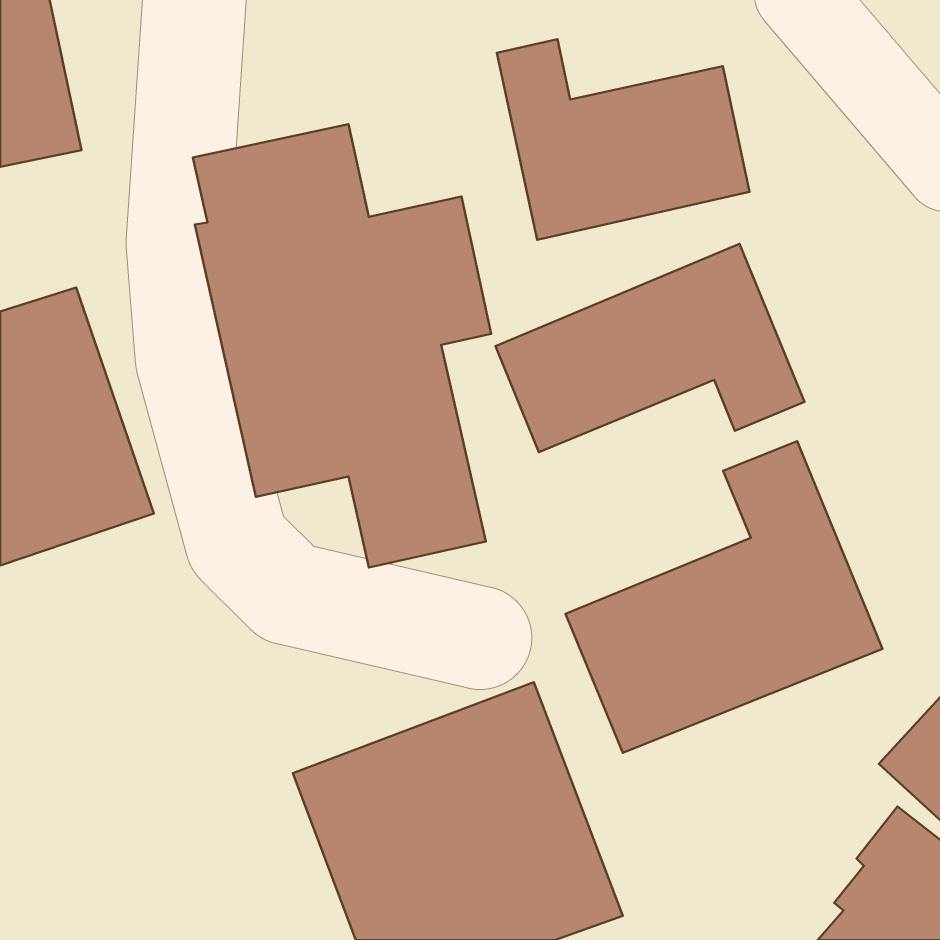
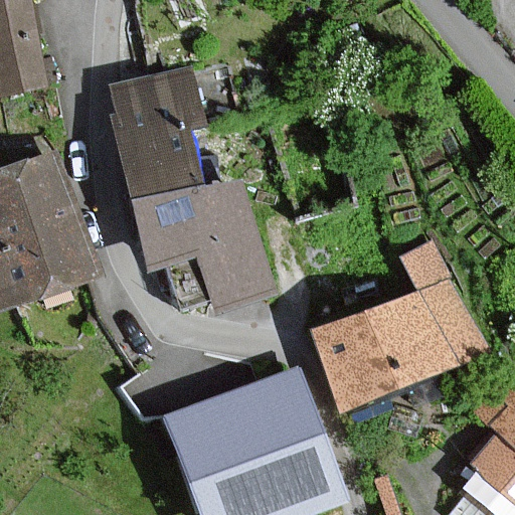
building: [497,39,750,240] -> none
building: [496,244,804,452] -> none

